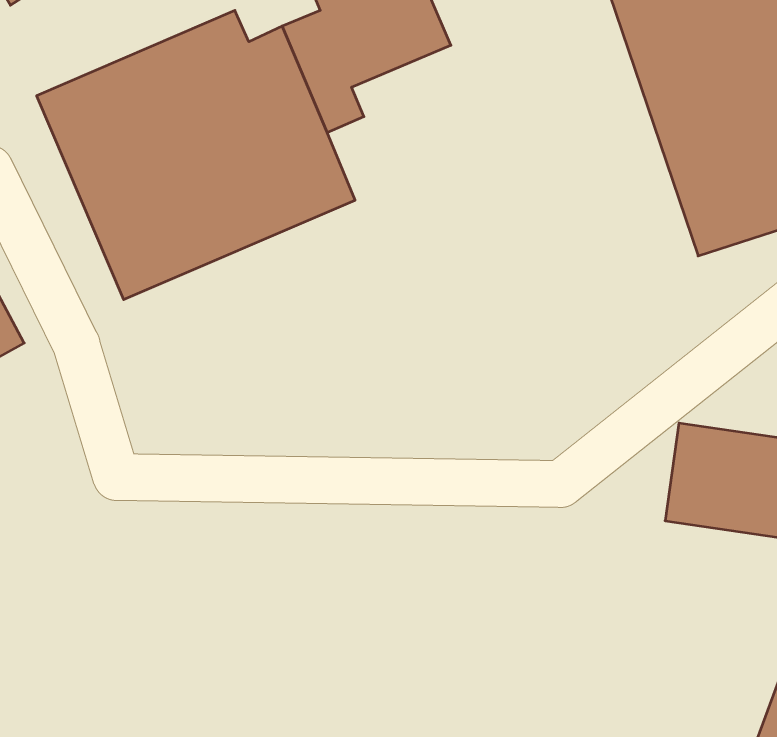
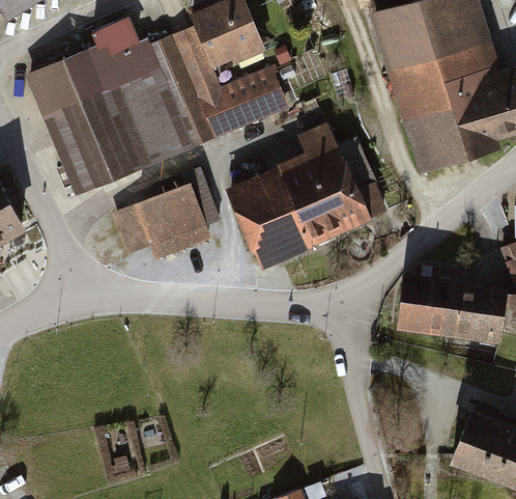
building: none -> [198,66,288,138]
building: none -> [227,120,391,266]
building: none -> [111,177,219,262]

